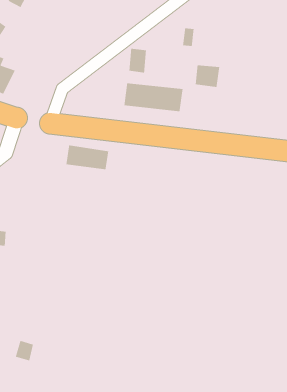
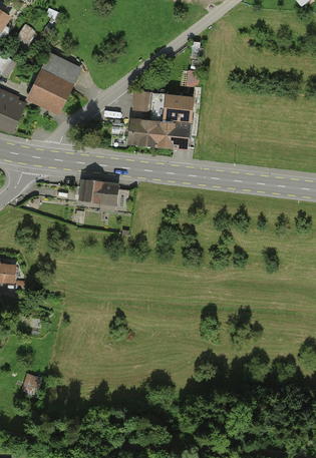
building: none -> [31,54,79,108]
building: [195,64,220,88] -> [168,96,193,119]

